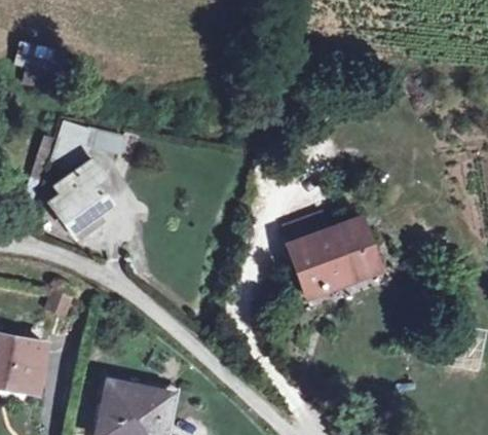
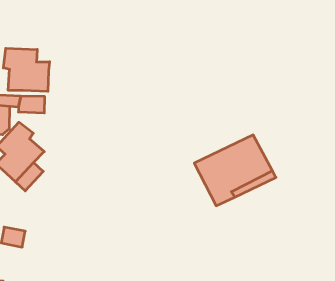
building: none -> [3,48,50,91]

